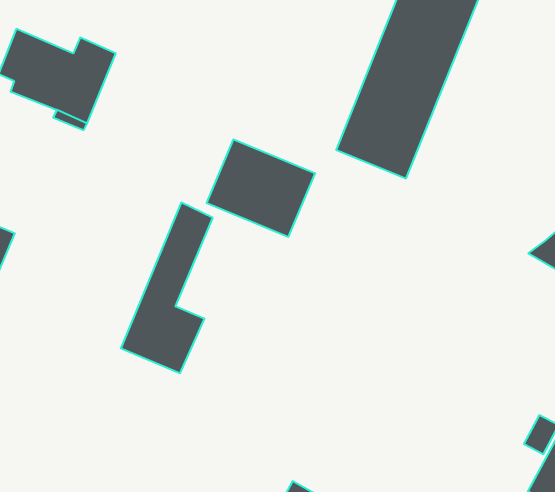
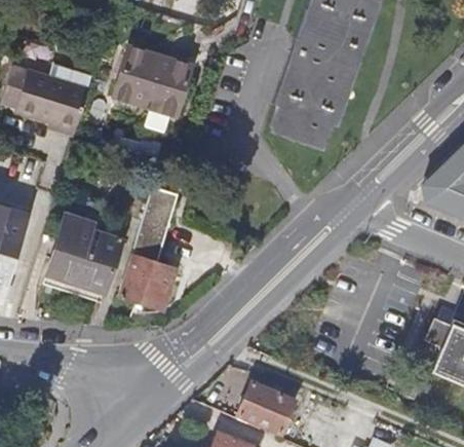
building: [207,139,315,237] -> [115,44,194,113]
building: none -> [45,224,117,301]

